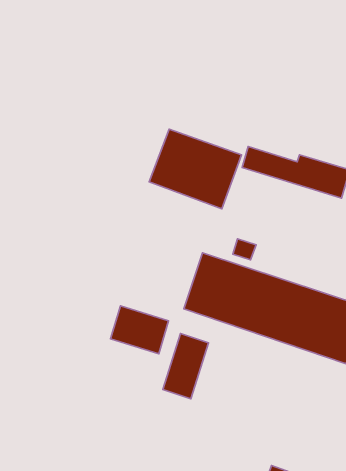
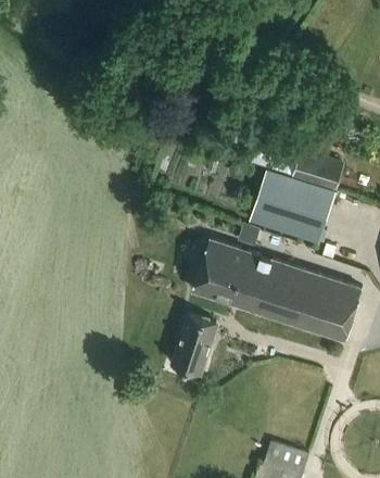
building: [149,129,242,209] -> [249,171,334,244]
building: [111,306,168,354] -> none

